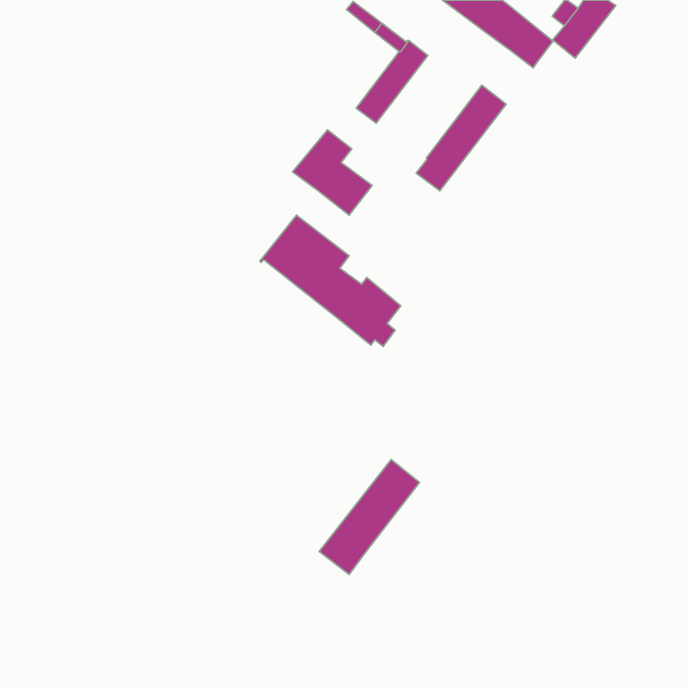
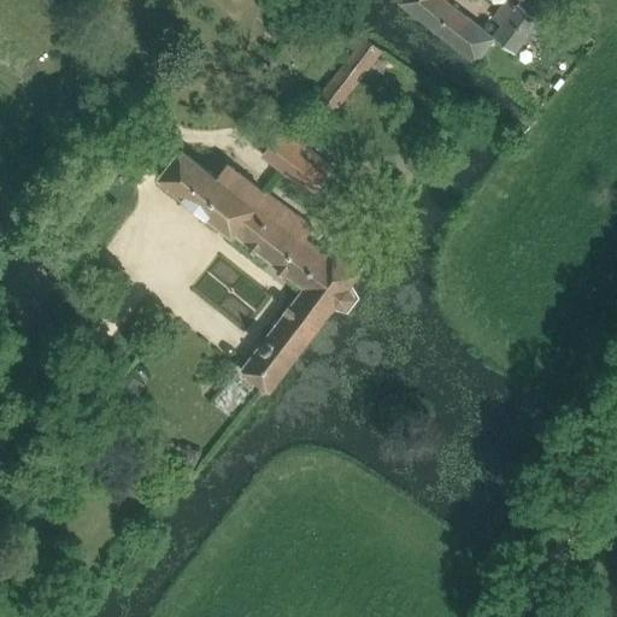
building: [416,85,506,191] -> none
building: none -> [160,152,264,235]
building: [319,459,419,574] -> [241,289,330,392]

